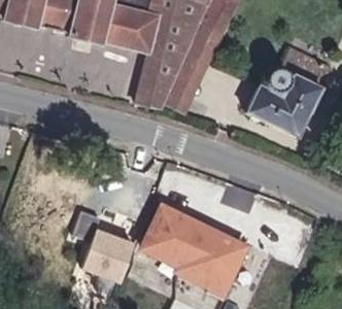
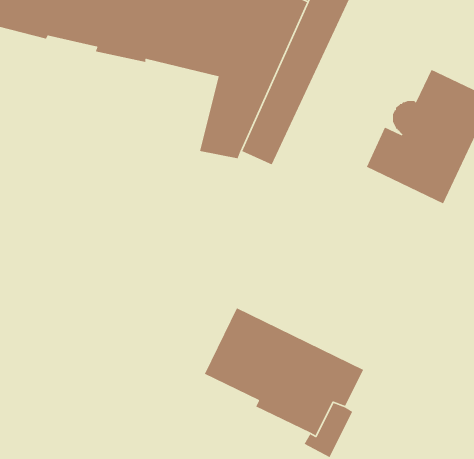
building: [87,230,135,277] -> none

